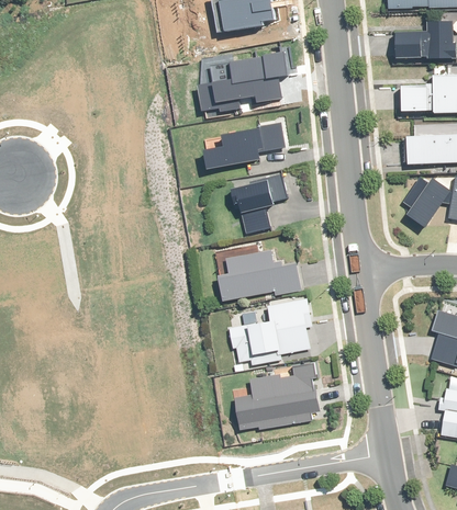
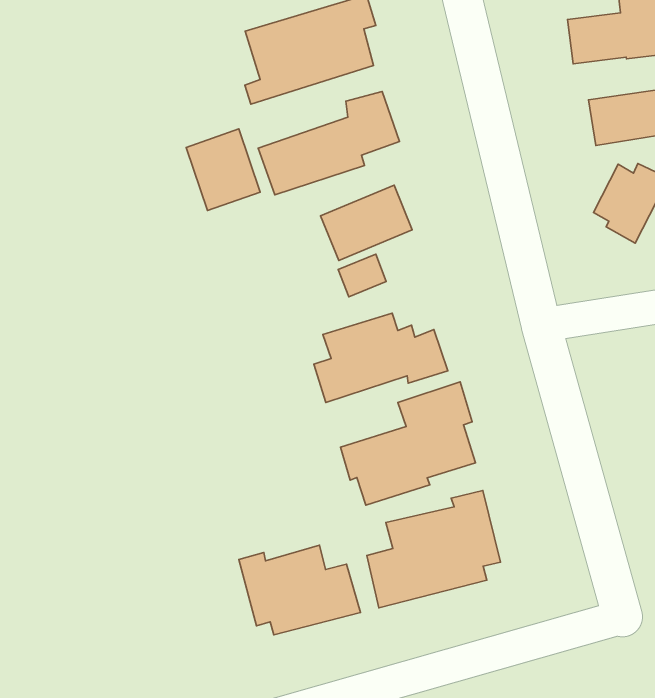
building: none -> [186,129,260,211]
building: none -> [239,545,360,635]

